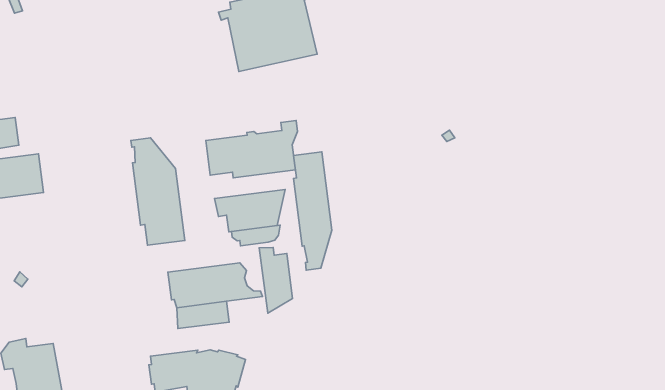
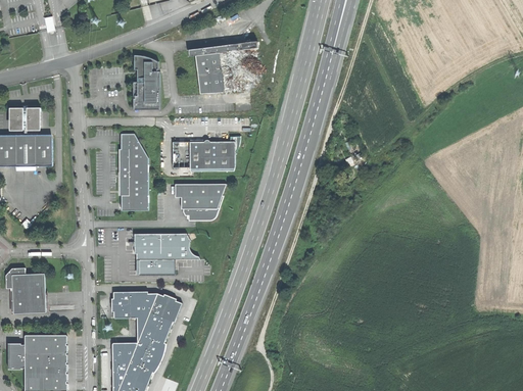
building: none -> [131,55,158,109]
building: [293,152,332,270] -> none
building: [259,247,293,313] -> none

